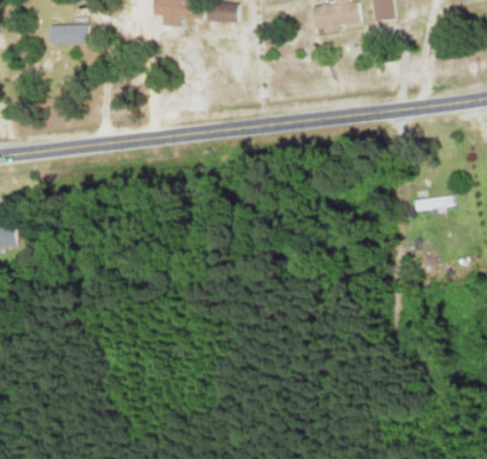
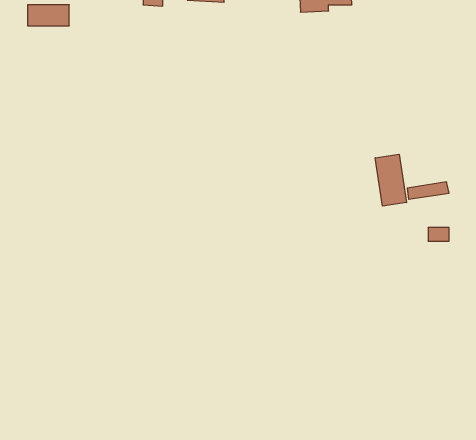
building: none -> [375,154,406,206]

